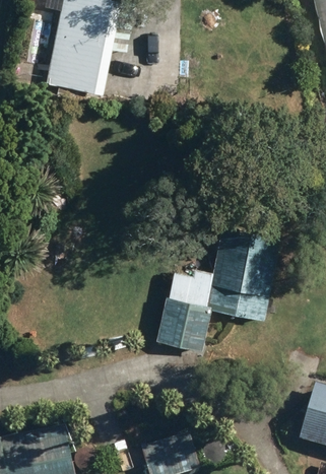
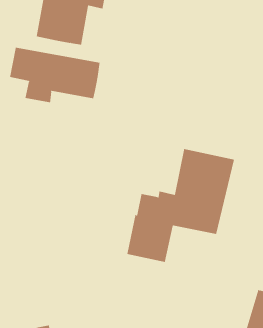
building: none -> [10,47,100,103]

